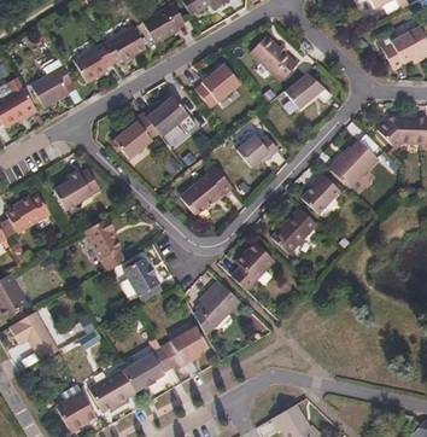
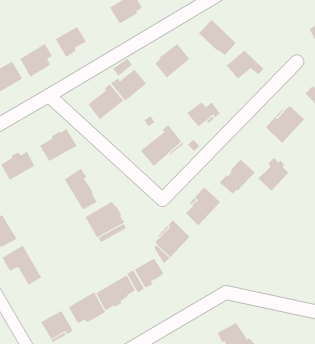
building: [101,27,144,63] -> none
building: [303,171,341,214] -> [258,157,289,192]

